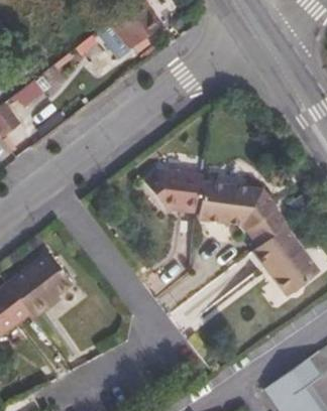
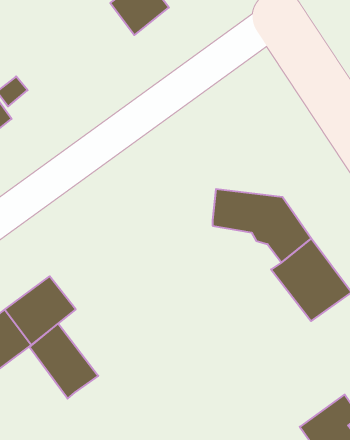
building: [137,167,197,209] -> none
building: none -> [29,324,98,399]

